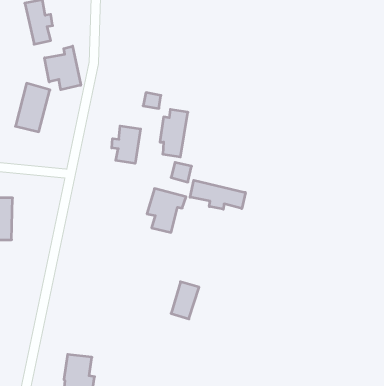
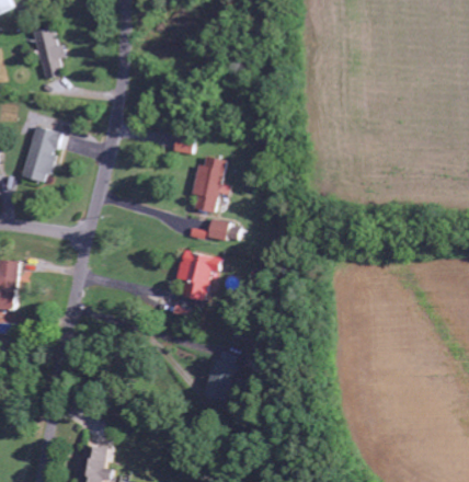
building: [45,46,81,90] -> none
building: [112,126,141,163] -> none
building: [190,180,245,209] -> none

